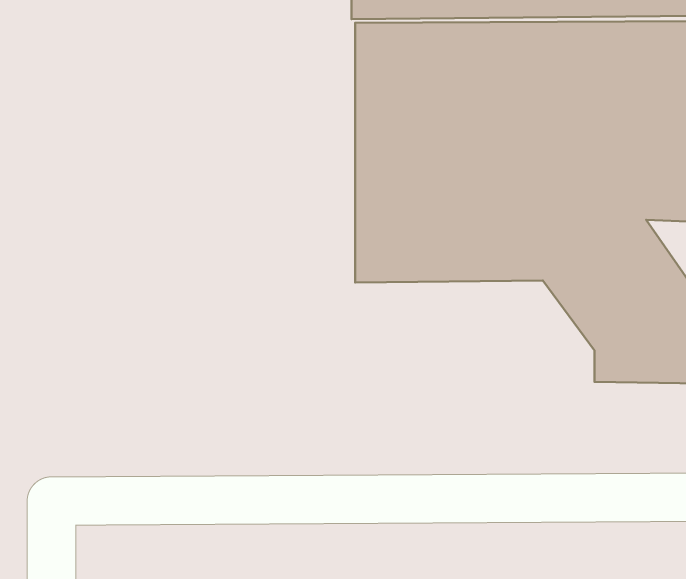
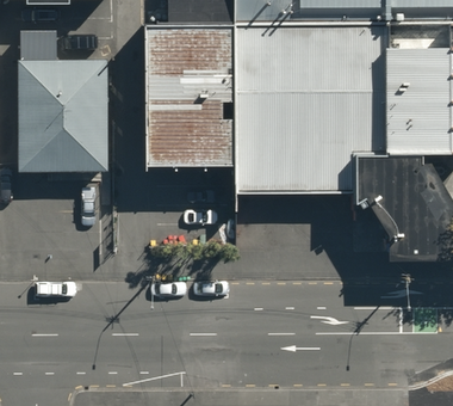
building: none -> [143,24,232,162]
building: none -> [15,30,107,172]

